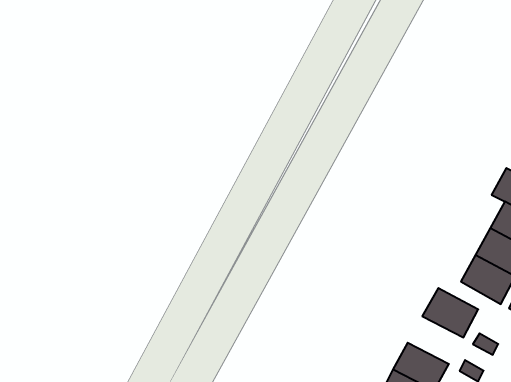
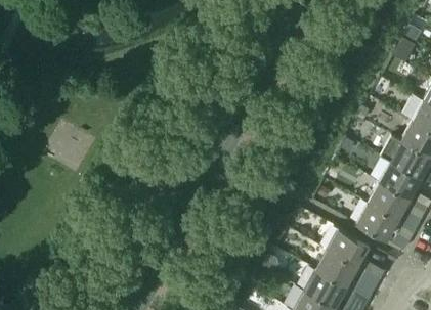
building: none -> [314,252,357,289]

